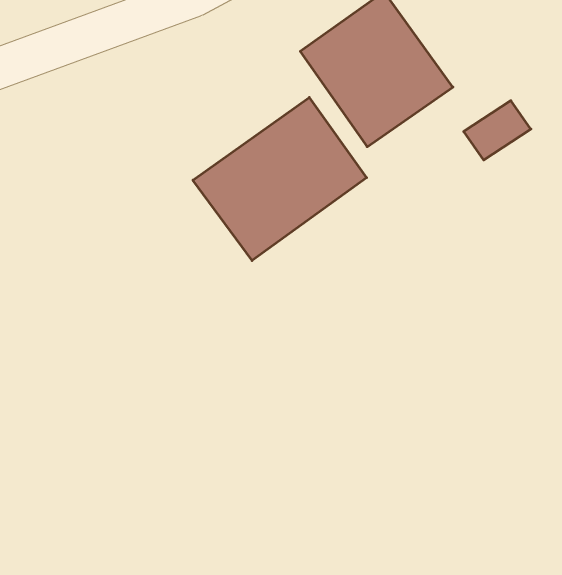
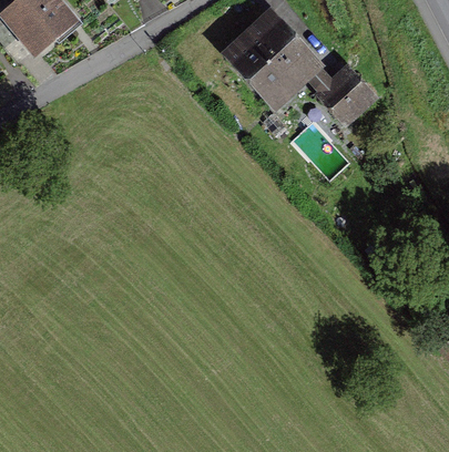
building: [193,97,367,261] -> none

